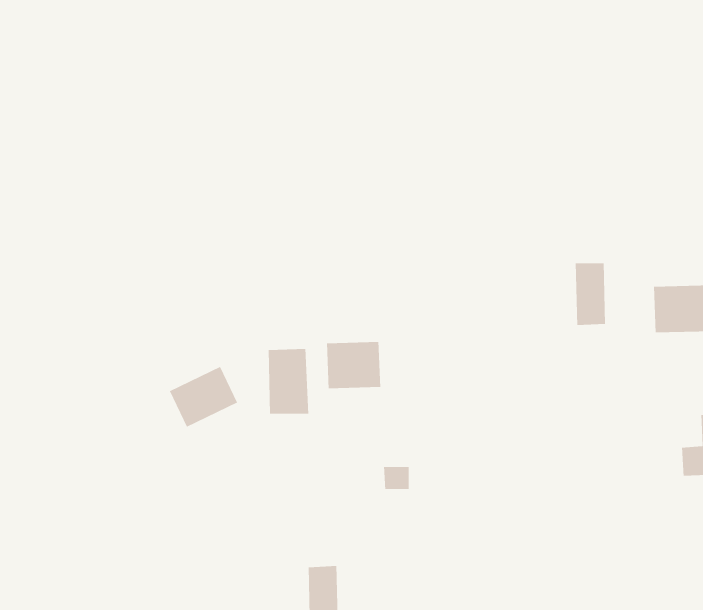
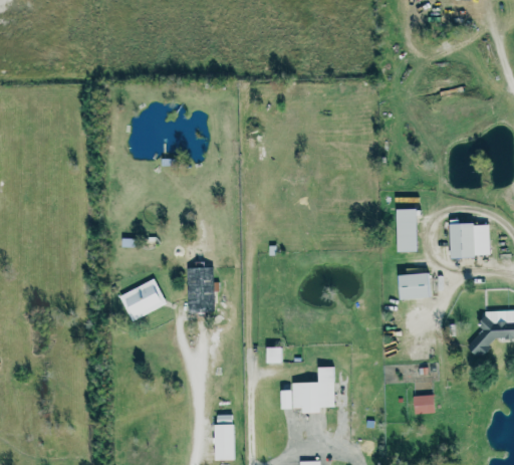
building: [326,341,381,389] -> none
building: none -> [397,273,431,299]
building: none -> [279,368,335,413]
building: none -> [414,395,434,414]

